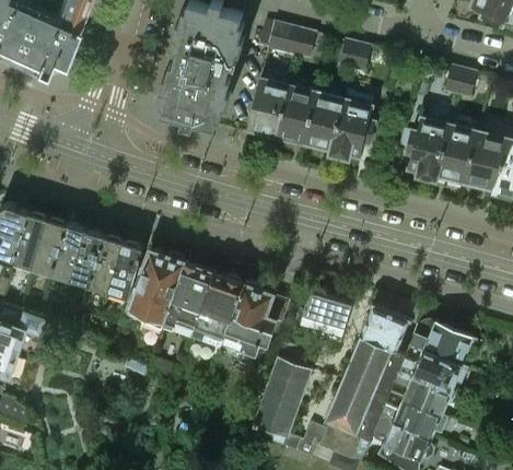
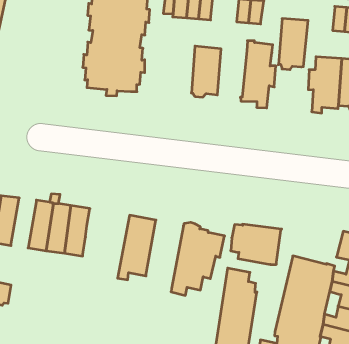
building: [248,79,289,137] -> none
building: [305,93,346,151] -> [278,19,308,70]
building: [50,223,86,280] -> none
building: [129,249,187,329] -> none
building: [193,271,245,350] -> none
building: [361,304,410,350] -> none

